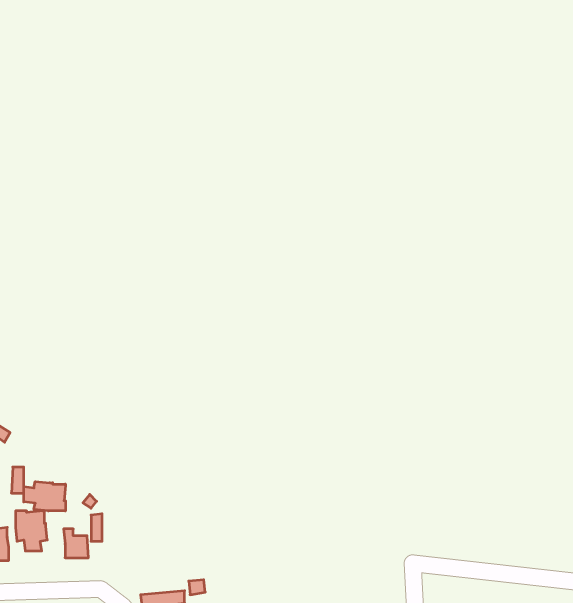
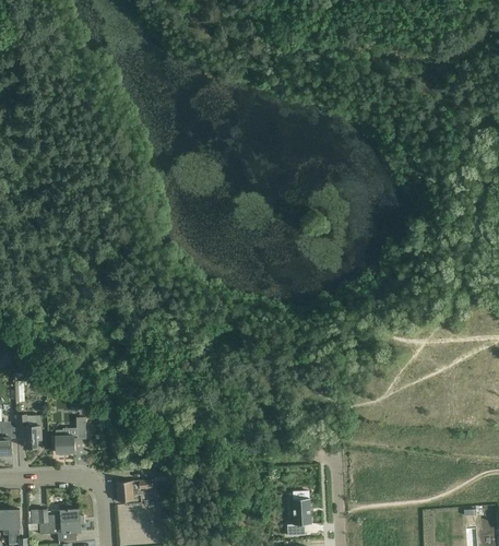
building: [24,482,65,511] -> none

